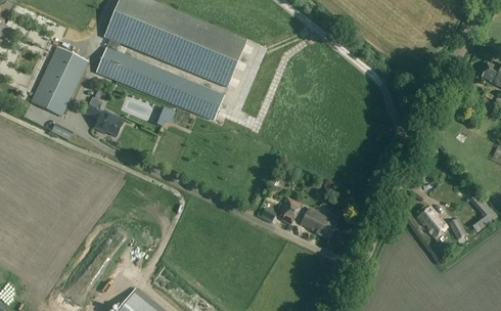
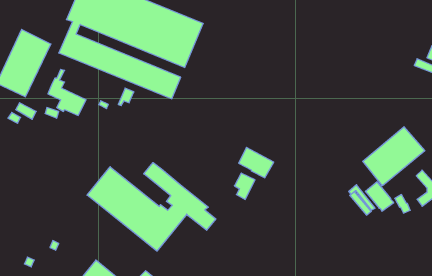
building: none -> [363,127,425,186]
building: none -> [87,163,216,251]
building: [301,209,337,240] -> [239,147,274,178]

